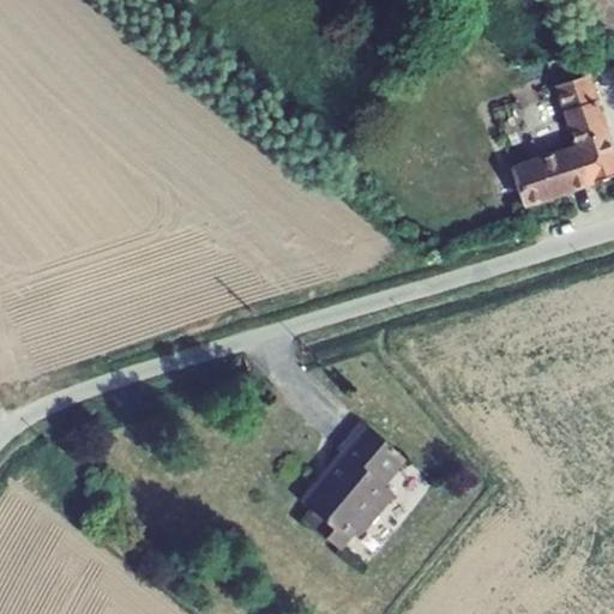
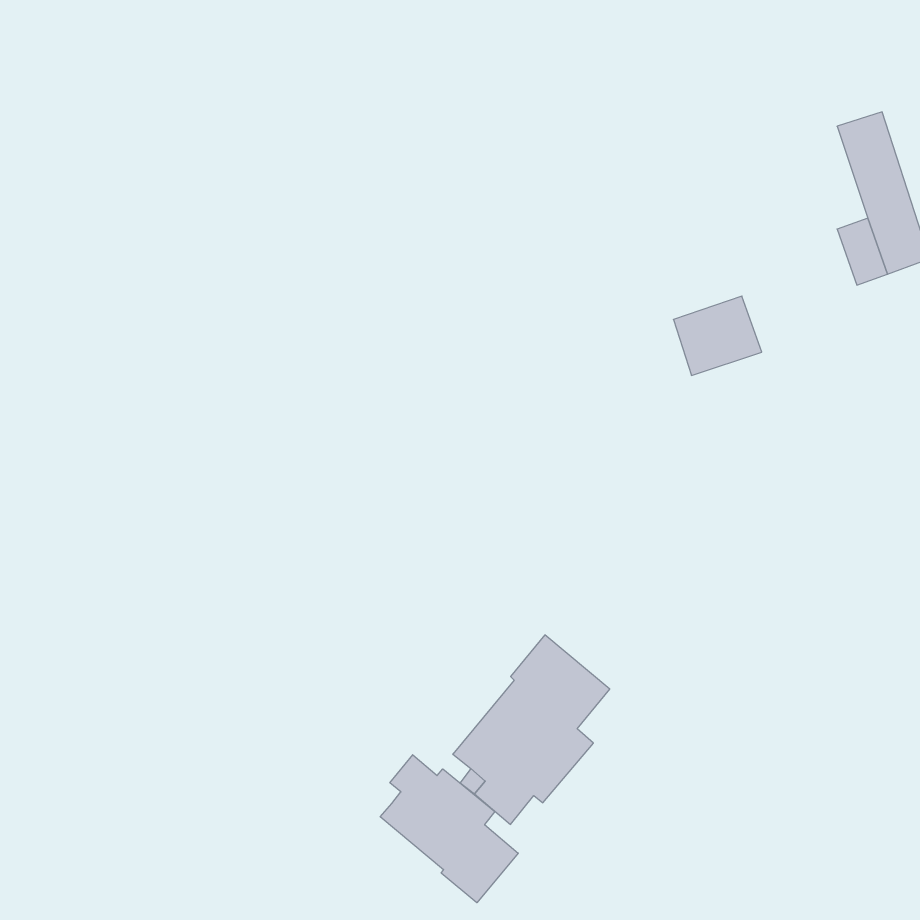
building: [512,152,571,205] -> [673,296,762,375]
building: none -> [380,755,518,903]

